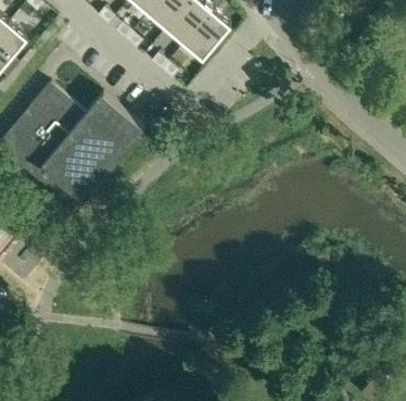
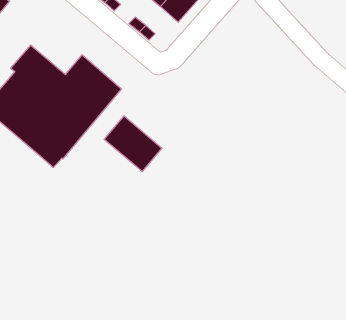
building: none -> [104,116,162,172]

